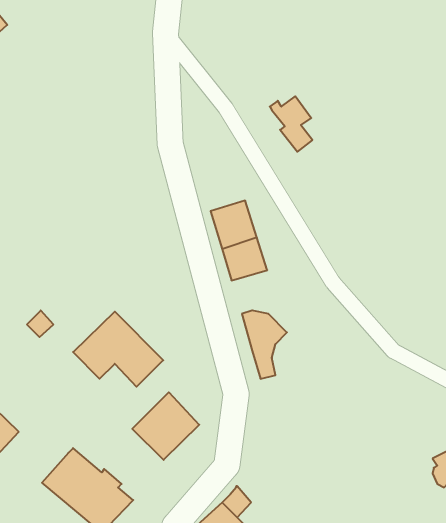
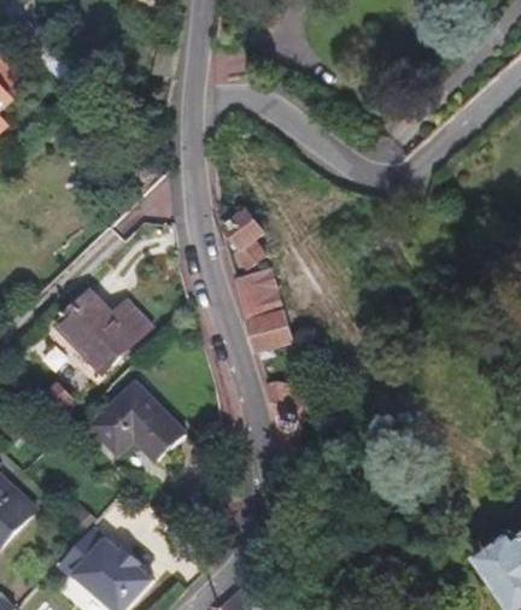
building: [270,96,312,152] -> [219,211,264,269]
building: none -> [55,293,151,374]
building: [132,392,199,460] -> none

